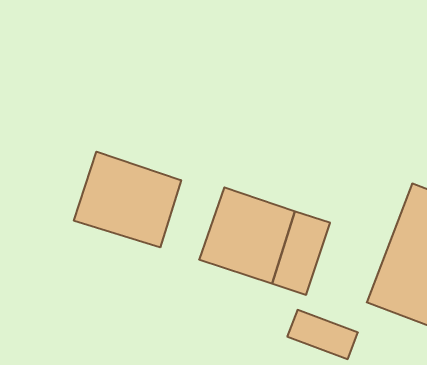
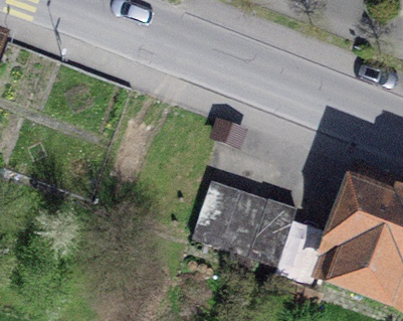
building: [74,152,181,247] -> none

